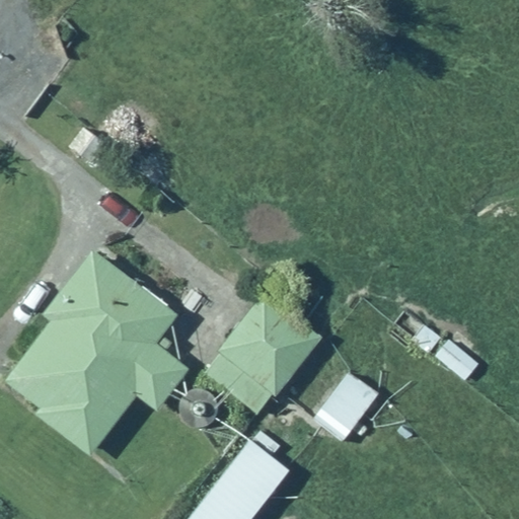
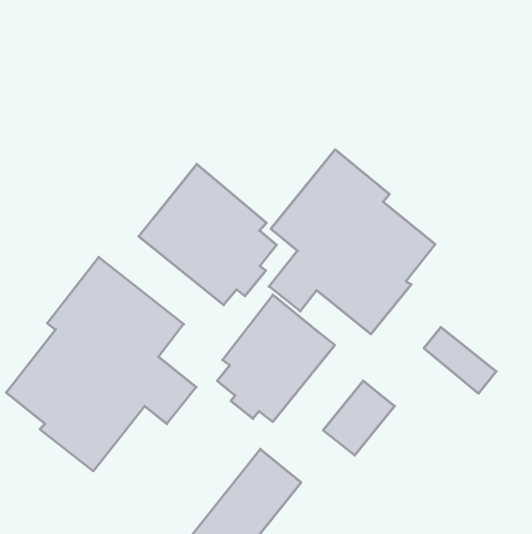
building: none -> [269,150,435,334]
building: none -> [139,164,277,305]

